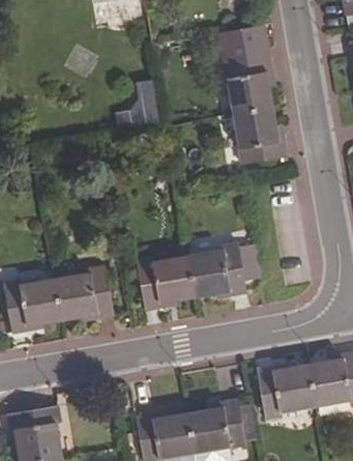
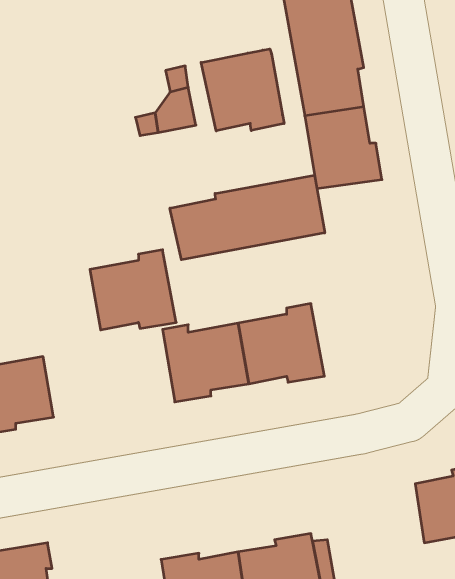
building: none -> [201,49,284,131]
building: none -> [170,175,325,260]
building: [55,265,114,320] -> [90,250,176,330]
building: [257,366,316,420] -> none

